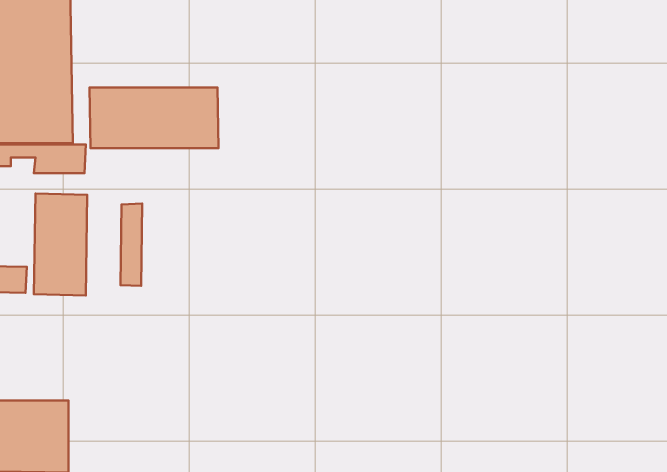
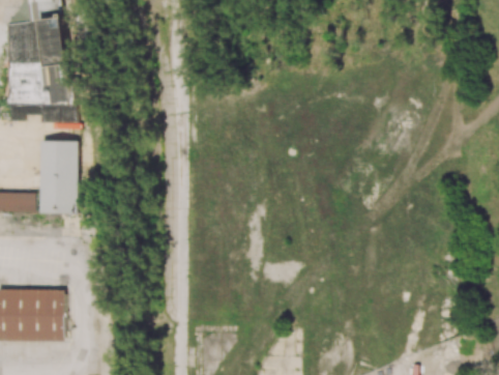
building: [89,87,218,148] -> none
building: [120,204,142,286] -> none

